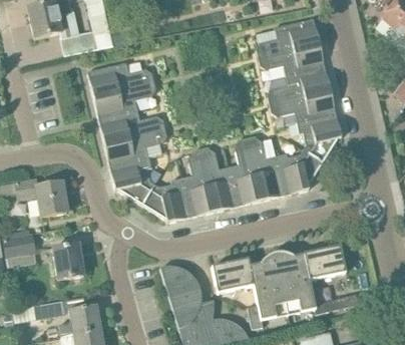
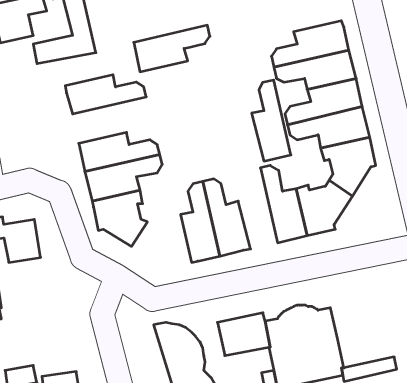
building: [93,80,155,118] -> [134,25,210,72]
building: [229,138,261,205] -> [252,80,291,161]
building: [141,177,190,221] -> none
building: [52,242,84,279] -> none
building: [304,245,346,279] -> none

